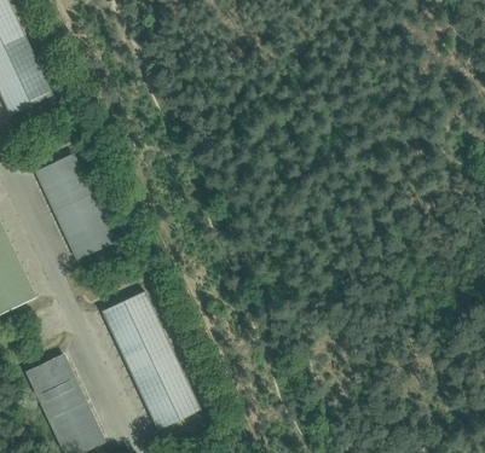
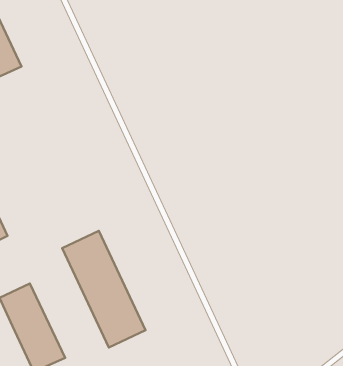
building: [36,153,114,259] -> none

